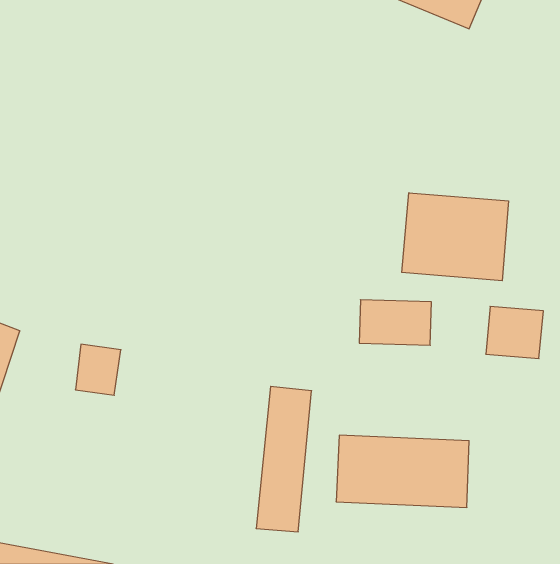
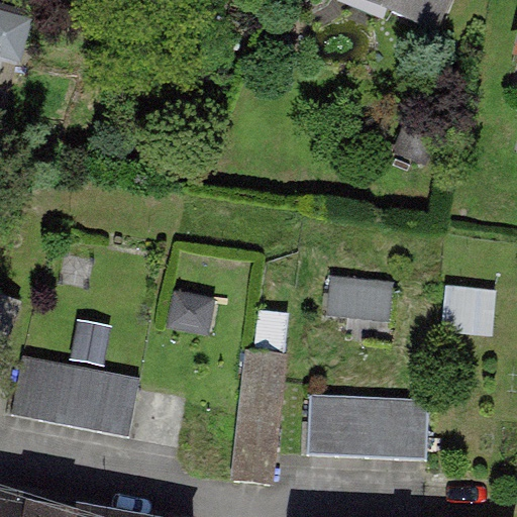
building: [402,193,508,281] -> none
building: none -> [11,359,137,437]

